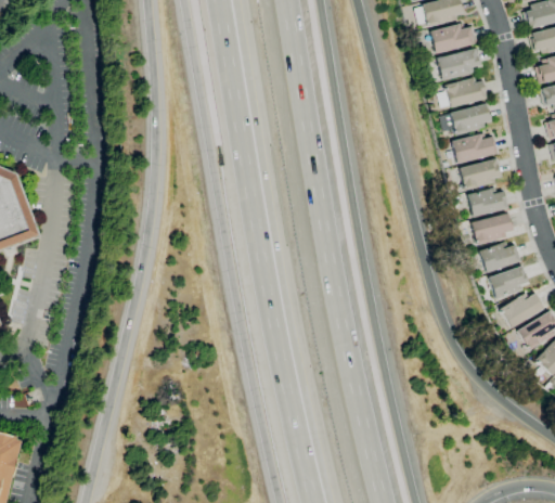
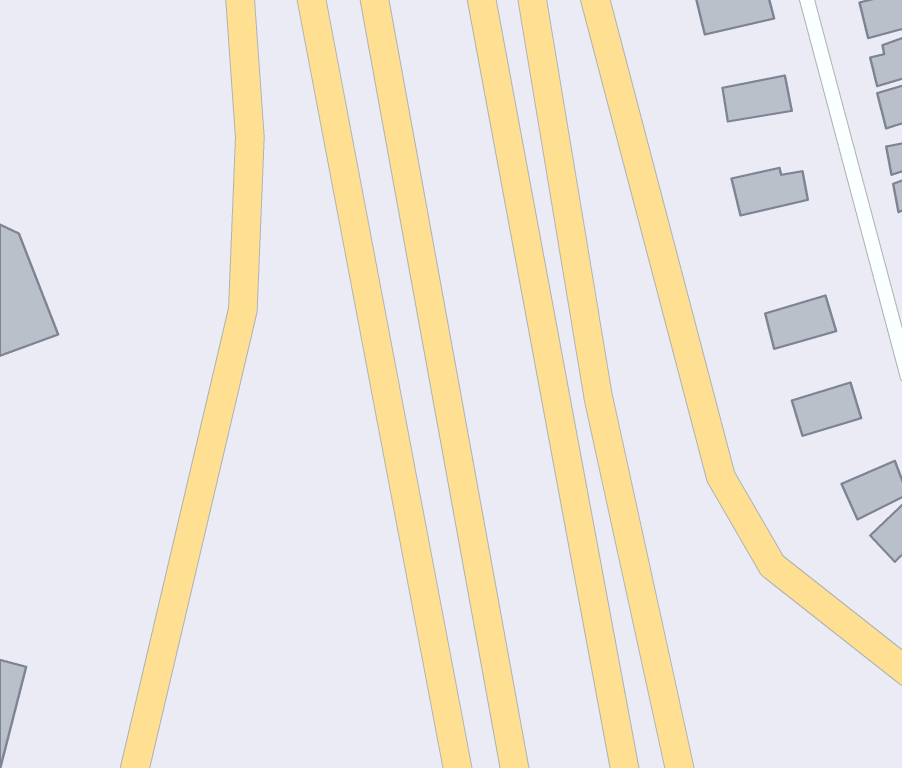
building: [435,49,480,81] -> none
building: [448,103,491,133] -> none
building: [457,158,502,190] -> none
building: [466,186,507,217] -> none
building: [479,244,519,271] -> none
building: [499,289,543,328] -> none

